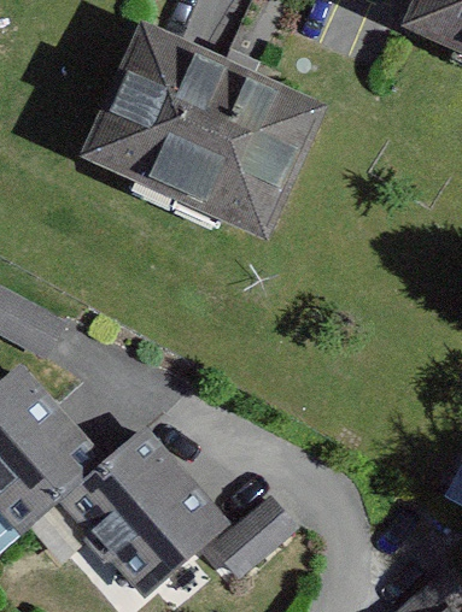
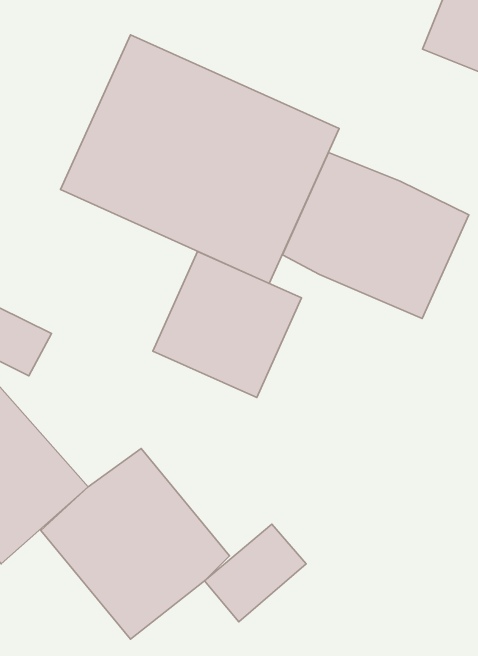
building: none -> [283,152,469,318]
building: none -> [153,251,302,398]

